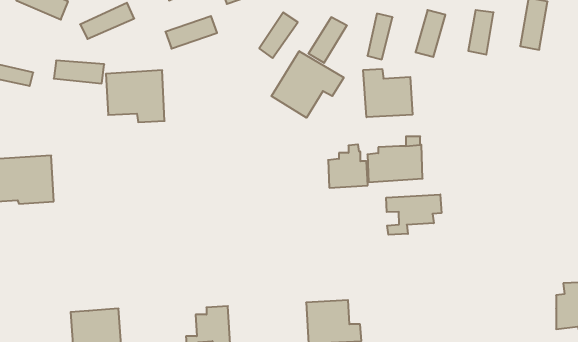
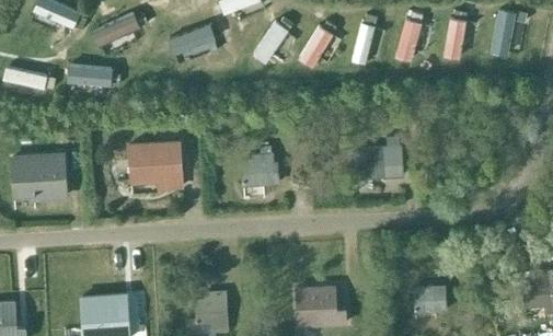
building: [271,51,344,118] -> none
building: [363,69,412,117] -> none
building: [106,70,165,122] -> [128,140,182,187]
building: [328,144,368,188] -> [242,144,278,184]
building: [386,194,441,235] -> none
building: none -> [414,285,446,311]

